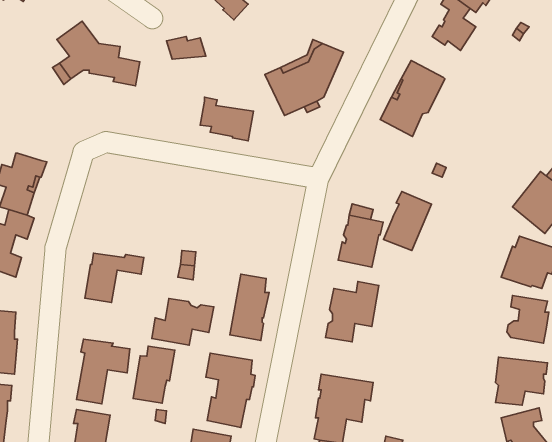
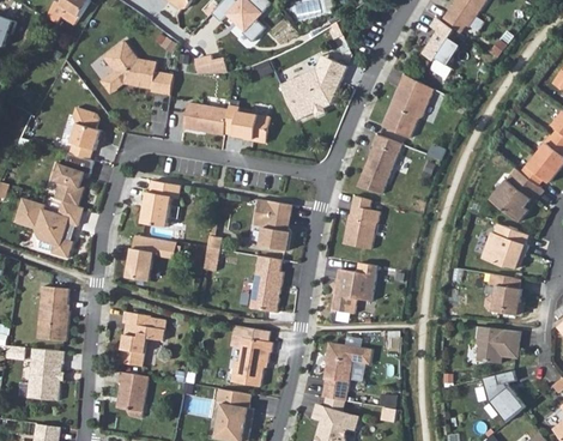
building: none -> [182,103,228,135]
building: none -> [68,108,97,159]
building: none -> [140,181,180,228]
building: [384,192,431,251] -> [361,134,401,185]
building: none -> [253,199,291,252]
building: [152,299,214,345] -> none
building: [133,346,175,403] -> none

